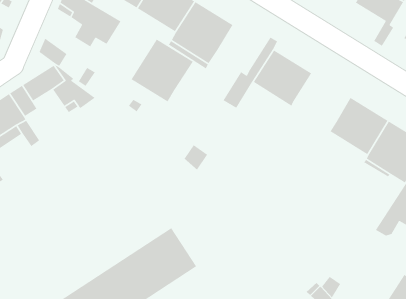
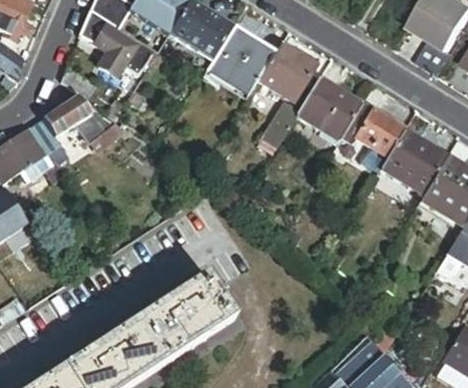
building: none -> [259,42,316,100]
building: [131,38,194,102] -> none
building: none -> [342,104,404,157]

